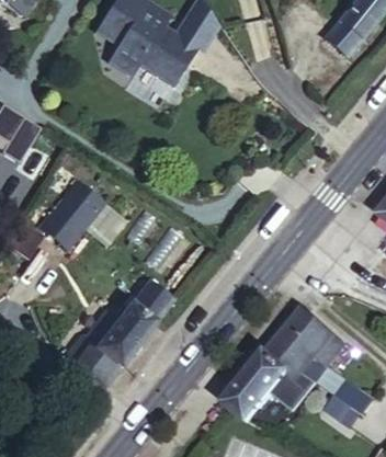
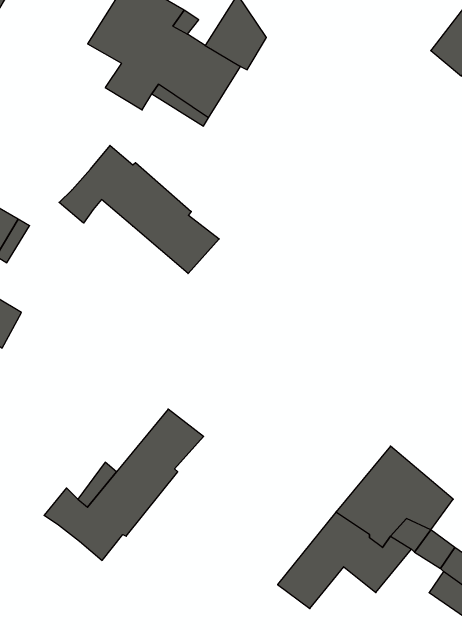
building: none -> [59,145,219,274]
building: [52,180,101,229] -> none

